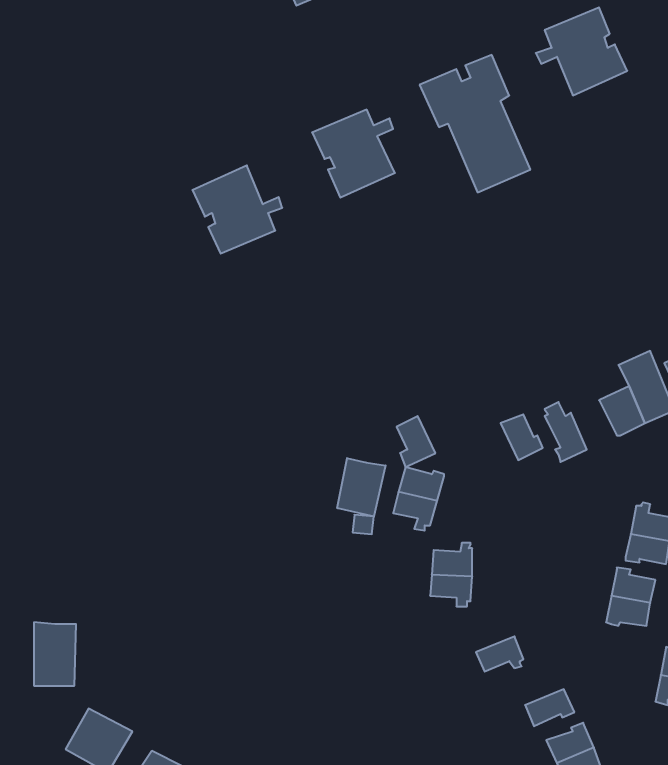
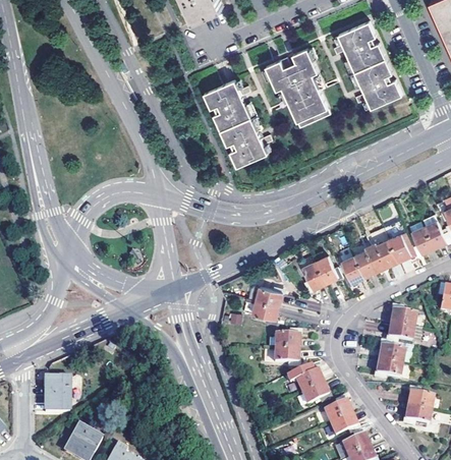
building: none -> [356,56,404,107]
building: [192,165,282,254] -> [222,115,274,166]
building: none -> [355,246,382,275]
building: [397,416,435,467] -> [302,260,325,289]
building: [337,458,386,517] -> none
building: none -> [286,365,323,392]
building: none -> [324,397,351,422]

